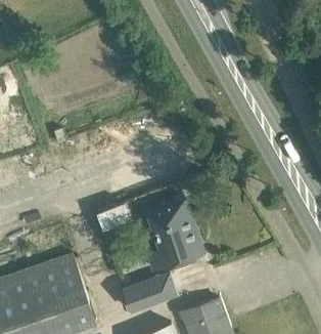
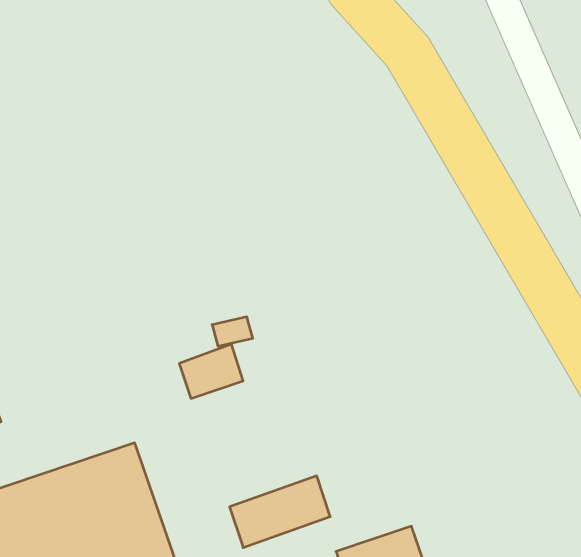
building: [148,198,203,268] -> none

